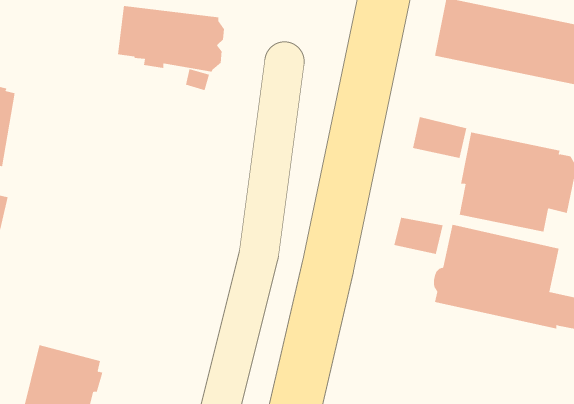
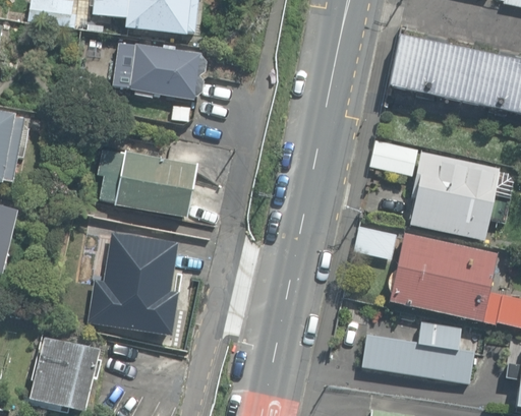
building: none -> [99,148,198,218]
building: none -> [86,232,177,336]
building: none -> [361,314,474,378]

